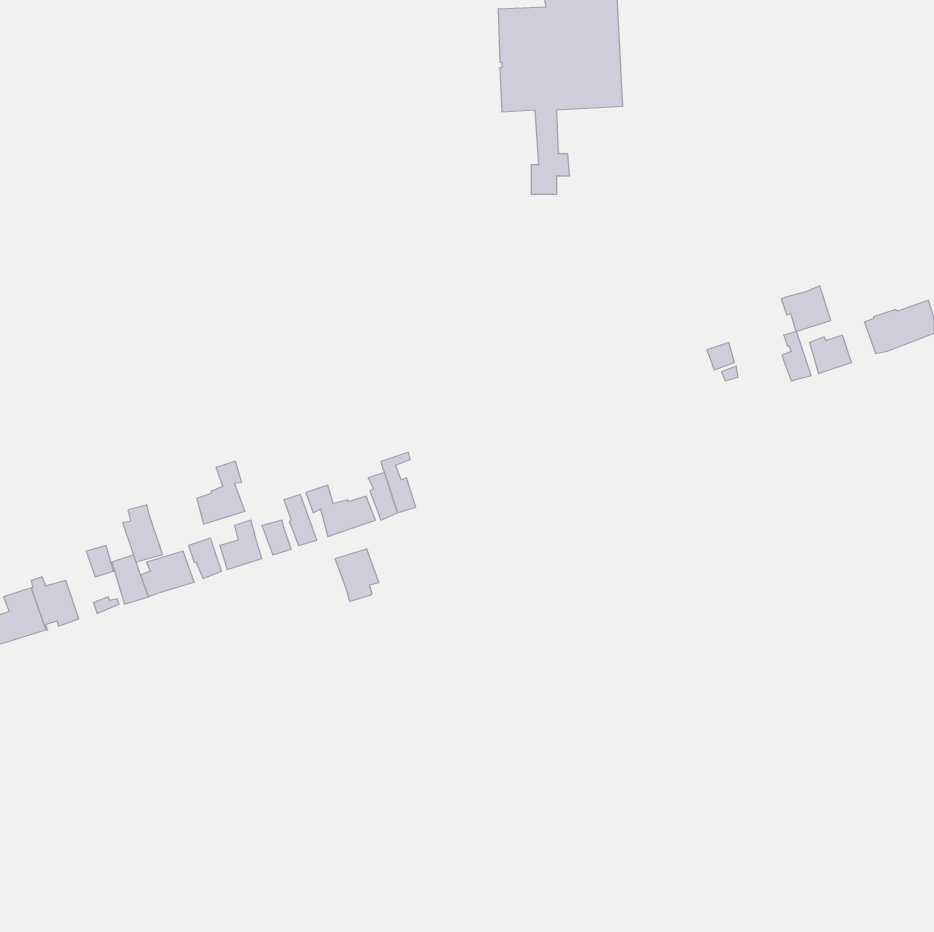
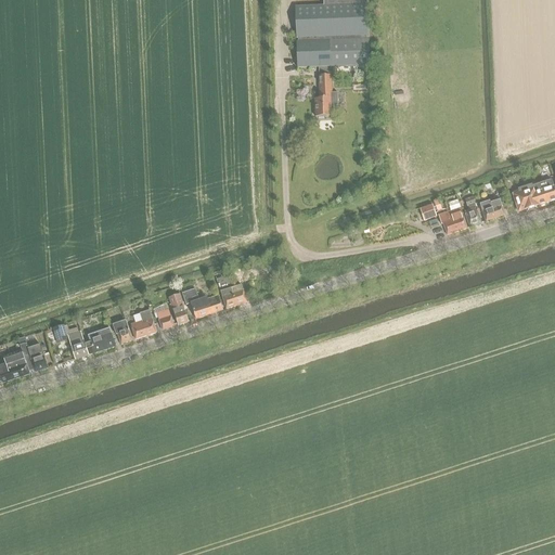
building: [781,286,831,332] -> [437,206,466,233]
building: [197,461,245,524] -> none
building: [123,505,162,562] -> none
building: [335,549,379,602] -> none

